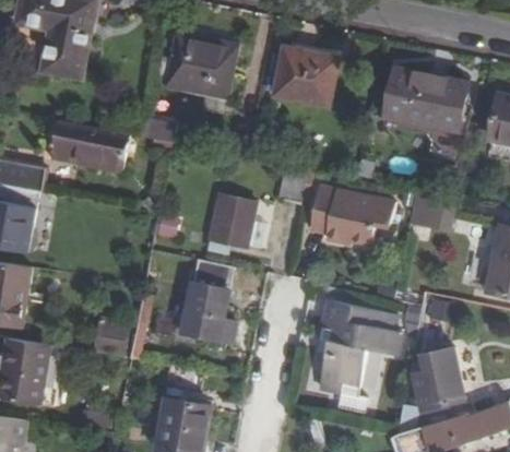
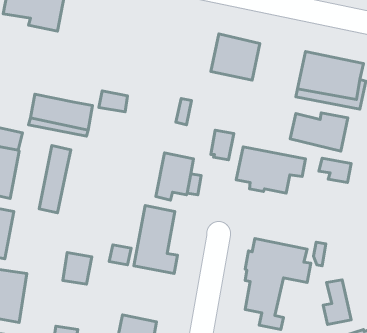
building: [165,31,236,96] -> none
building: [44,35,85,73] -> none
building: none -> [290,113,348,151]
building: none -> [39,145,71,213]

